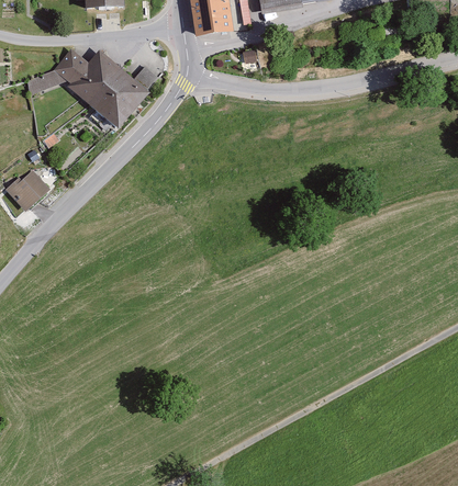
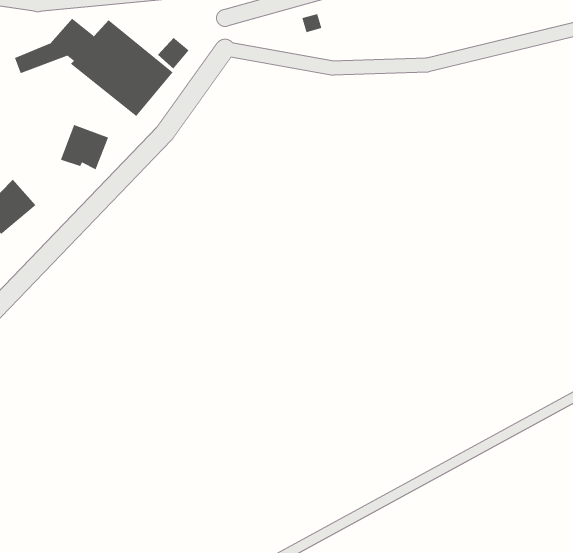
building: none -> [60,124,109,170]

